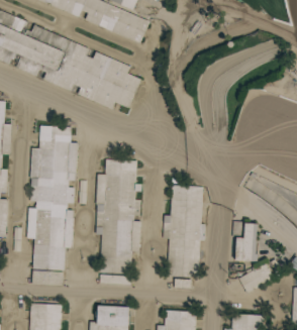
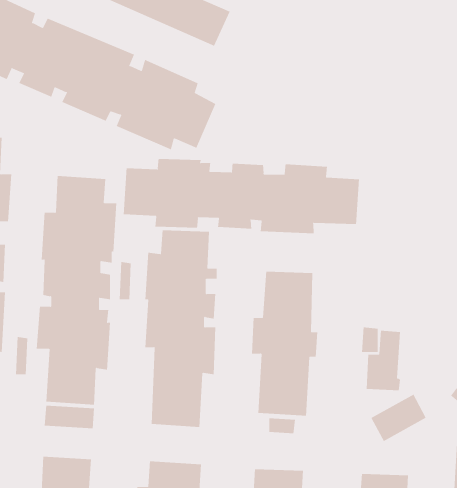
building: none -> [123,158,359,234]

